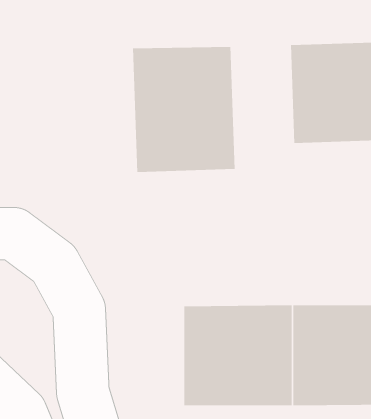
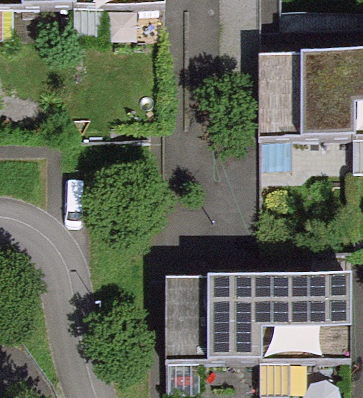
building: [133,46,235,173] -> none

